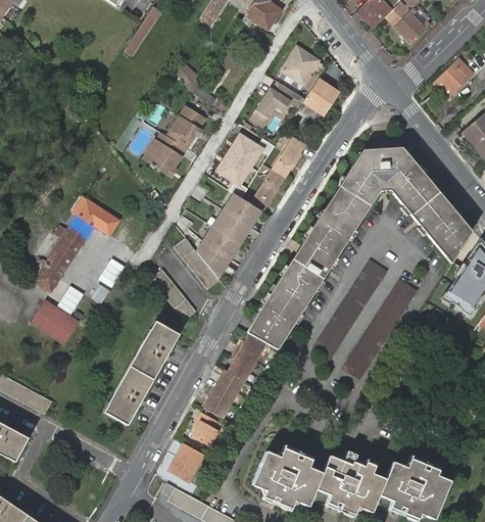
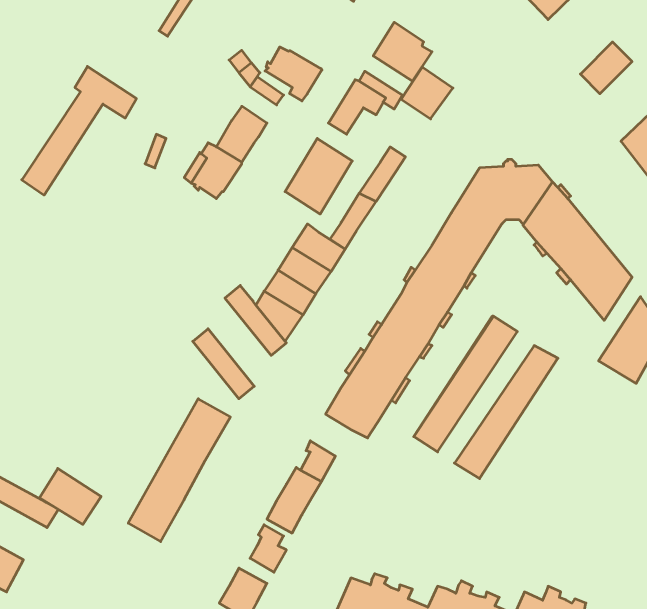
building: none -> [265,47,322,101]
building: [35,196,118,290] -> [22,66,136,195]
building: [34,300,79,341] -> [40,468,101,524]
building: [237,333,266,362] -> none

